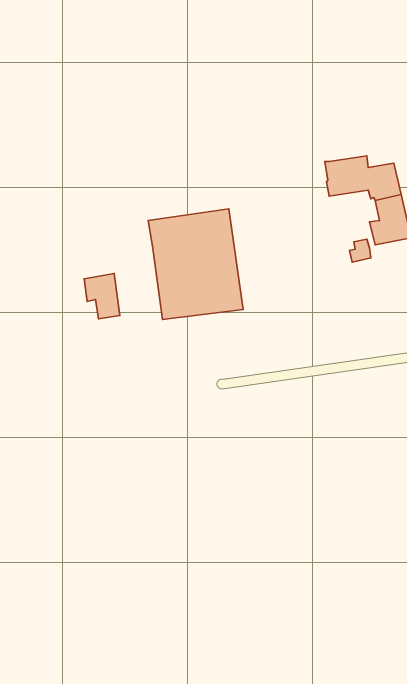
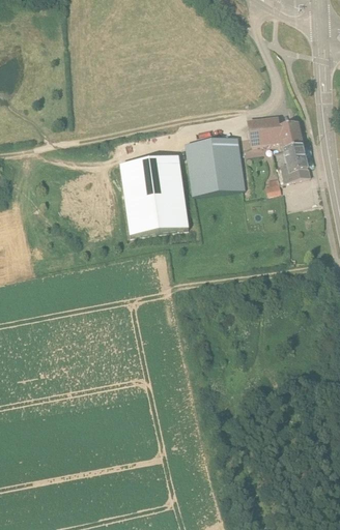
building: none -> [186,136,245,195]
building: [84,274,120,319] -> none

